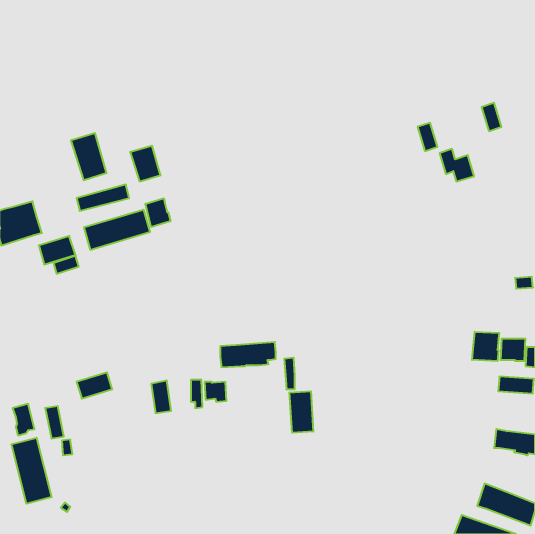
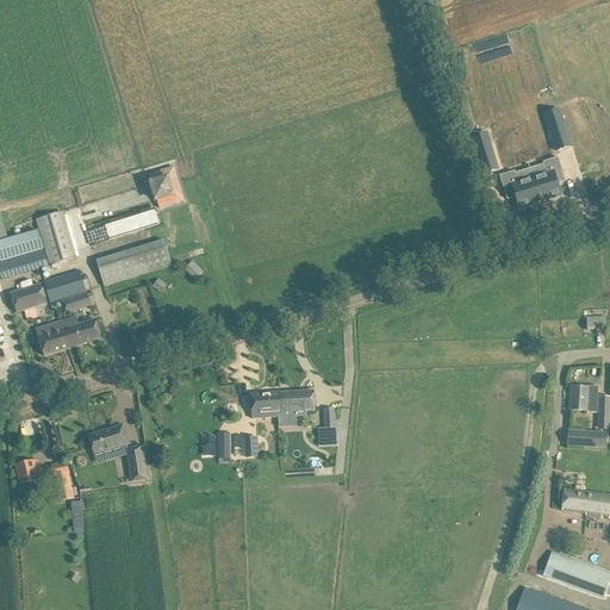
building: [71,133,107,180] -> [35,210,75,263]
building: none -> [531,156,564,200]
building: [145,198,170,227] -> none
building: none -> [8,280,45,311]
building: none -> [35,316,100,354]
building: [472,332,499,361] -> none
building: [151,381,171,413] -> [125,443,148,480]
building: [290,391,313,433] -> none
building: [12,438,51,504] -> none

